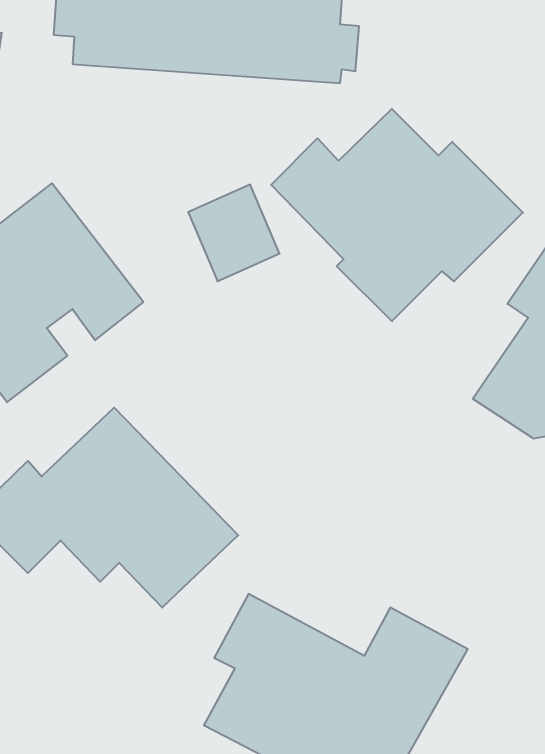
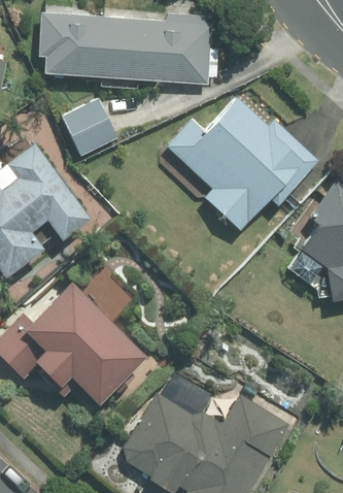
building: [188,185,280,281] -> [63,98,117,156]

